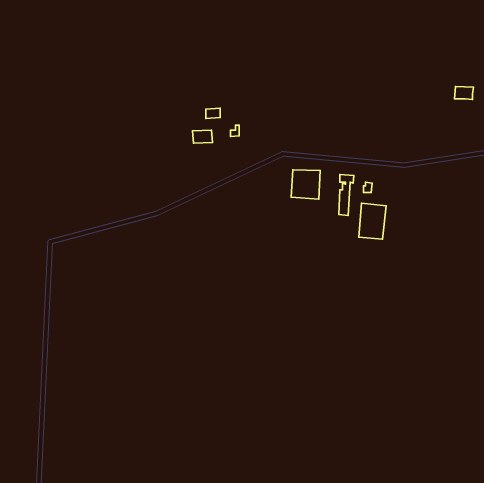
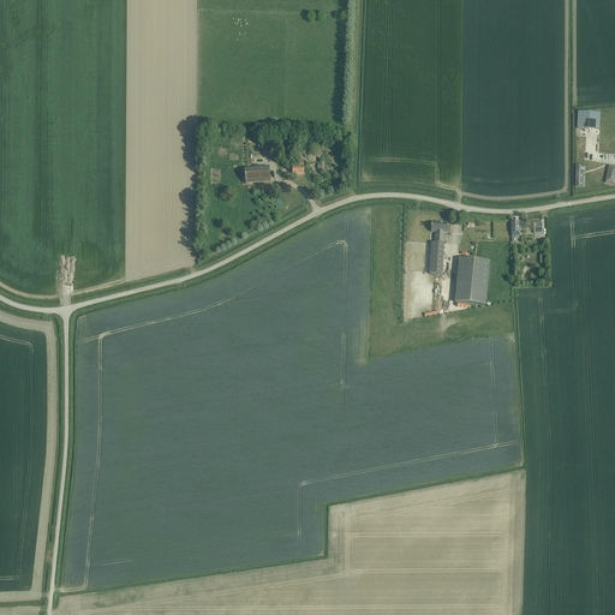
building: [291,170,320,199] -> none

